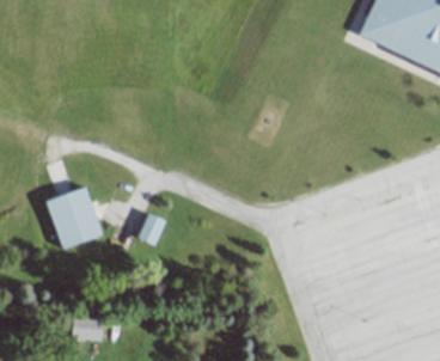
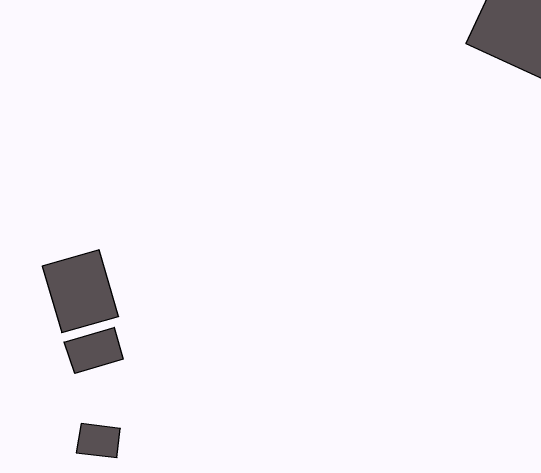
building: [139,213,166,245] -> none
building: none -> [64,327,123,373]

